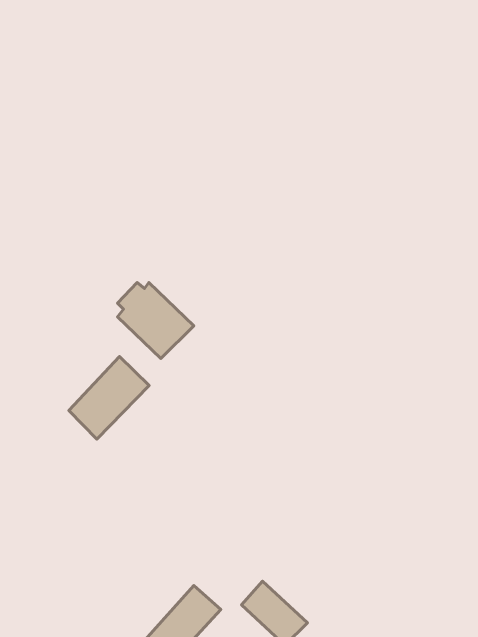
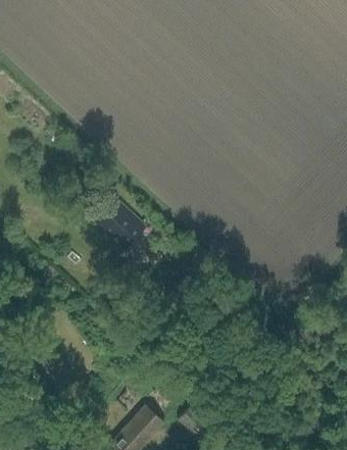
building: [69,357,149,439] -> none

